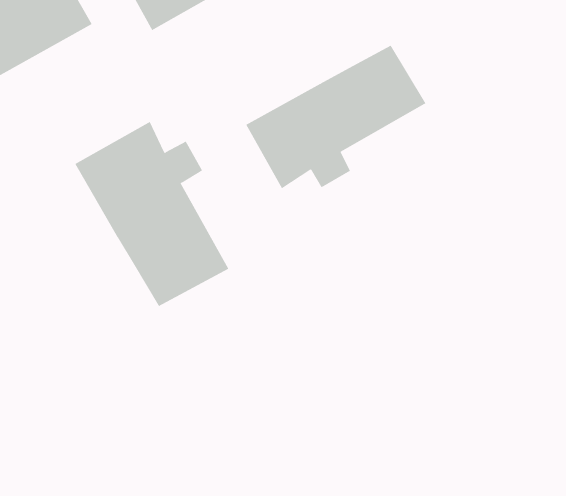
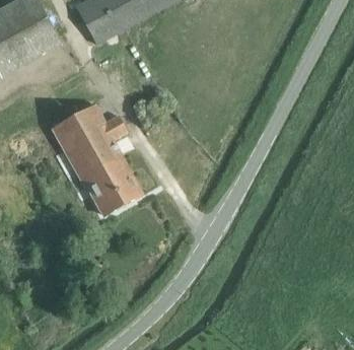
building: [245,45,426,189] -> none

